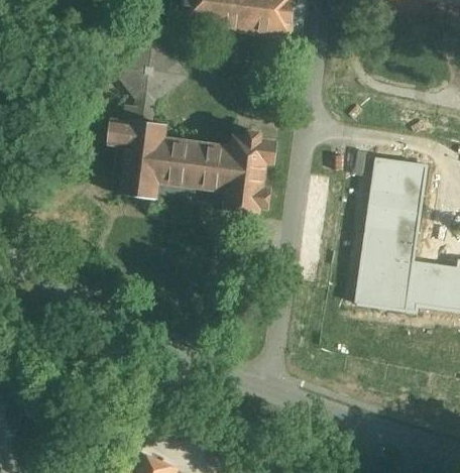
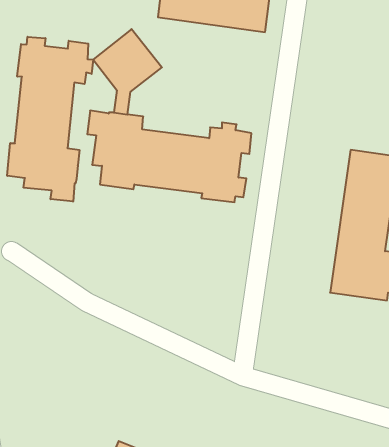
building: none -> [7,37,93,202]

